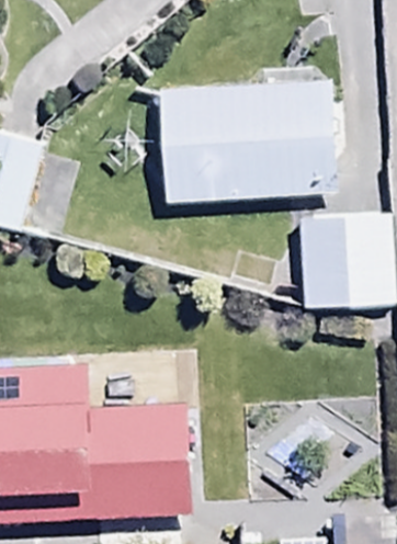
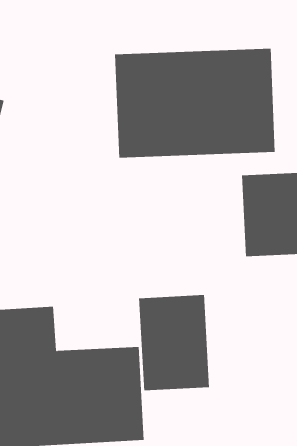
building: none -> [139,294,210,391]

